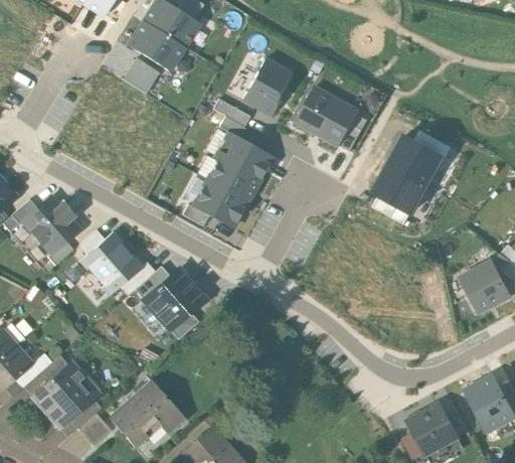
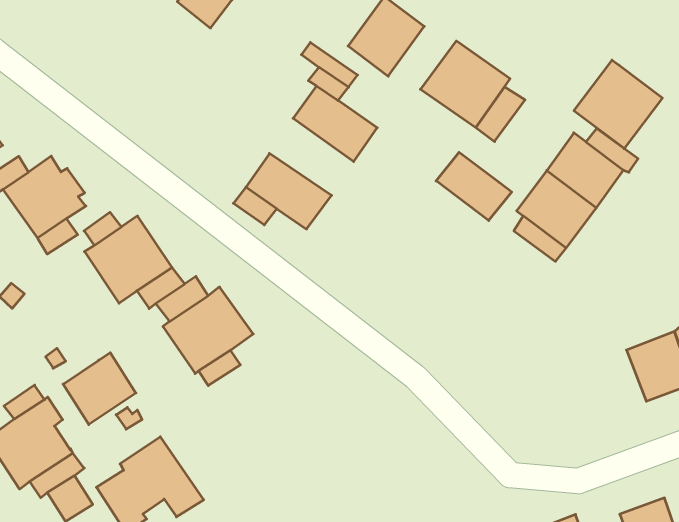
building: none -> [574,60,662,149]
building: [199,150,258,199] -> none
building: none -> [436,152,512,221]
building: none -> [63,353,136,425]

